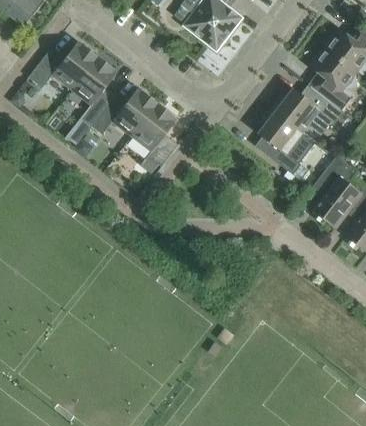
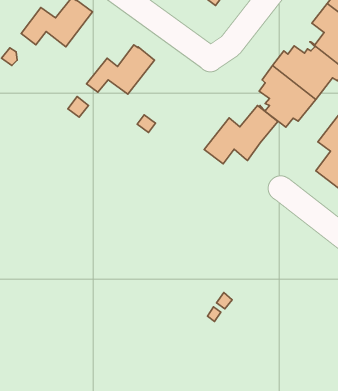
building: [72,56,117,126] -> none
building: [132,103,177,151] -> none
building: none -> [204,105,278,164]

